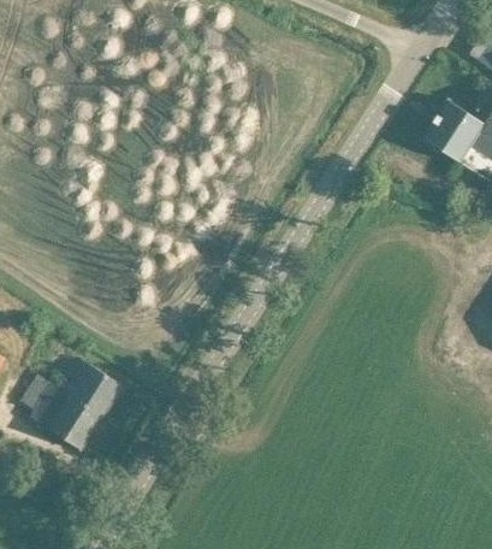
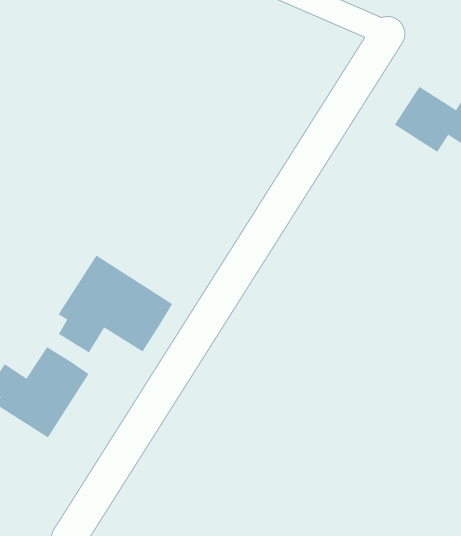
building: none -> [57,254,173,354]

